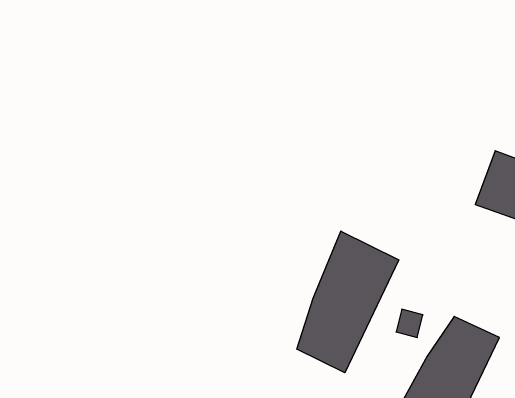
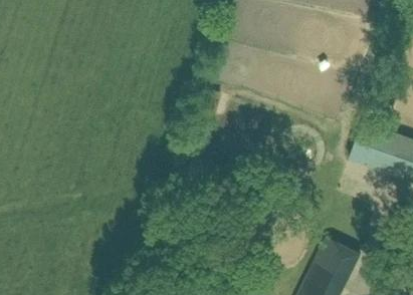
building: [297,231,399,373] -> none

